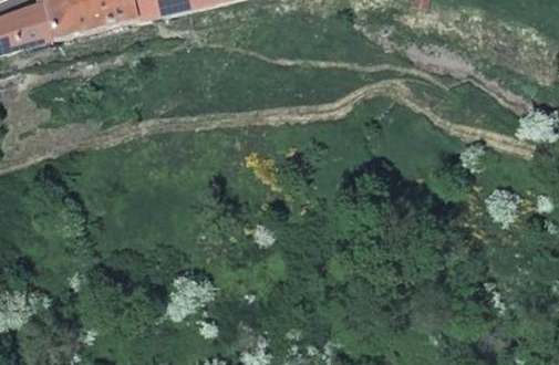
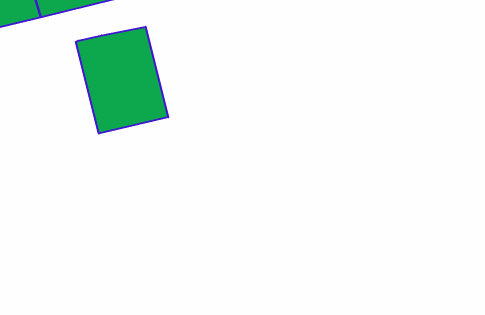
building: none -> [76,27,168,134]

